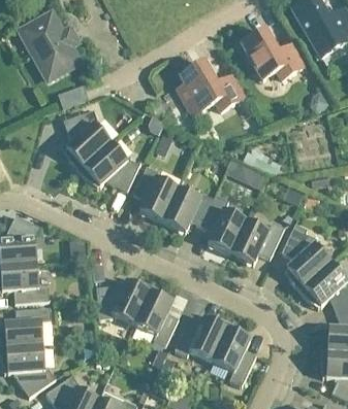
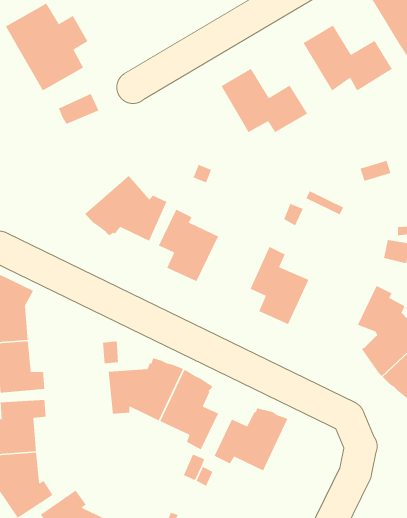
building: [64,109,113,170] -> none
building: [163,186,215,232] -> none
building: [231,218,286,264] -> none
building: [213,321,257,385] -> none

